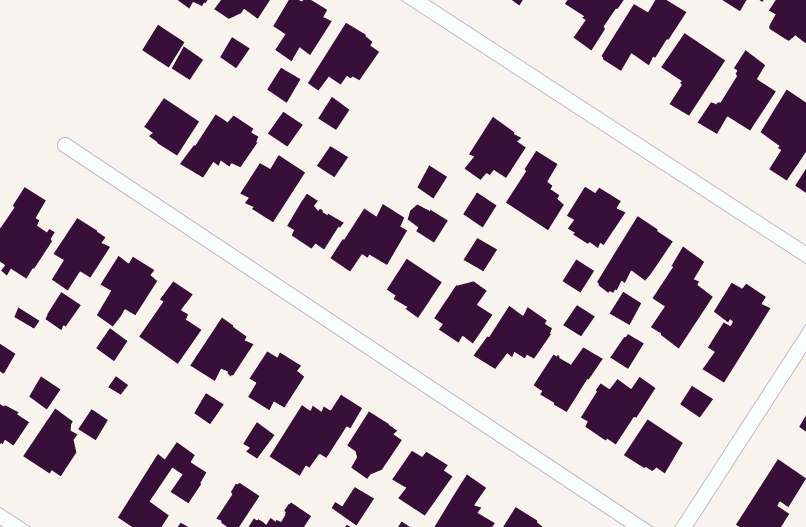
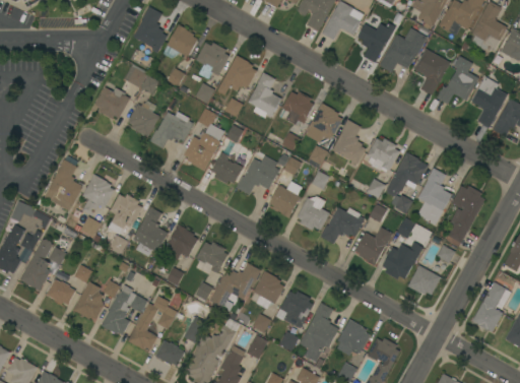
building: none -> [248,72,281,118]
building: none -> [95,87,131,119]
building: none -> [279,91,314,126]
building: none -> [101,285,147,335]

